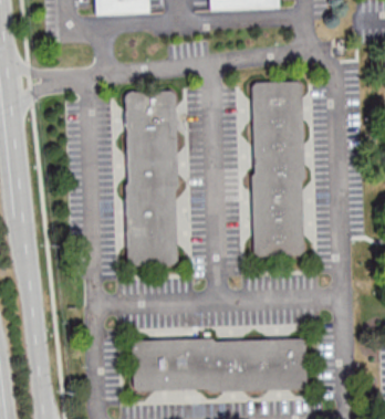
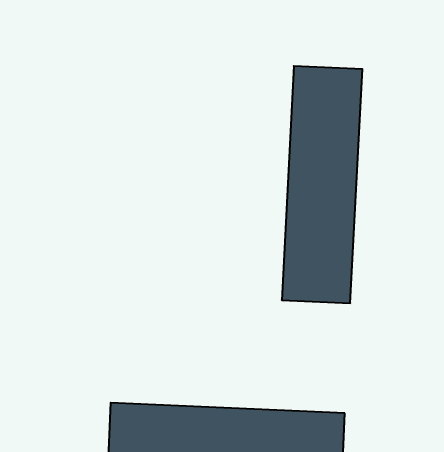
building: [126,92,177,266] -> none

